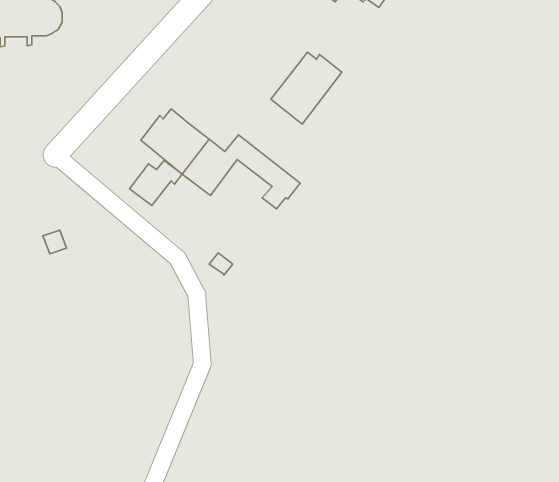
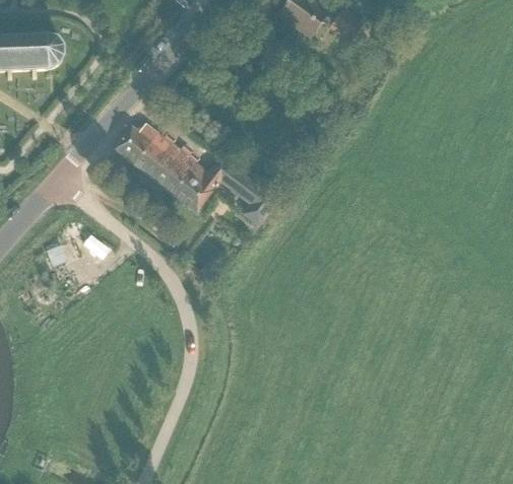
building: [271,52,342,124] -> none
building: [129,161,182,206] -> [113,121,161,161]

